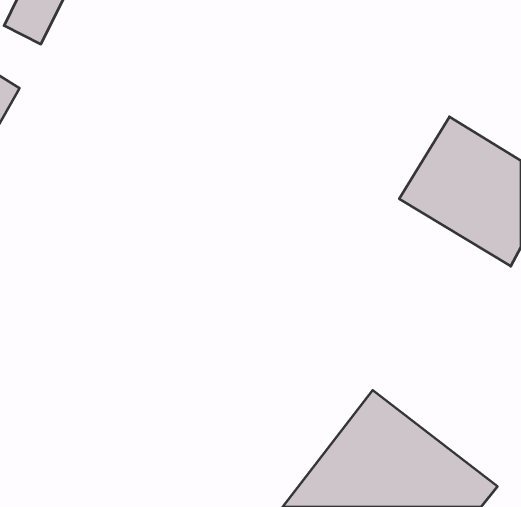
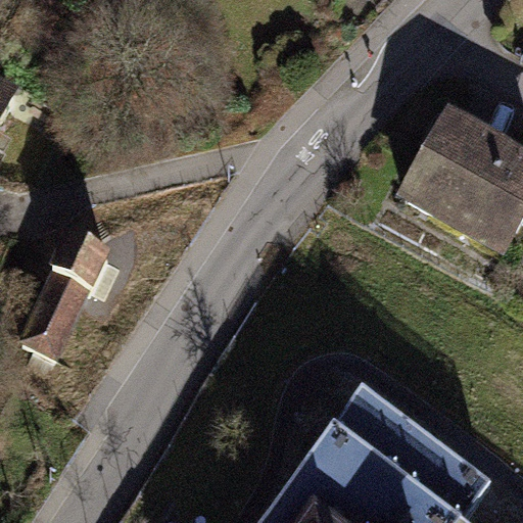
building: none -> [16,235,109,359]

